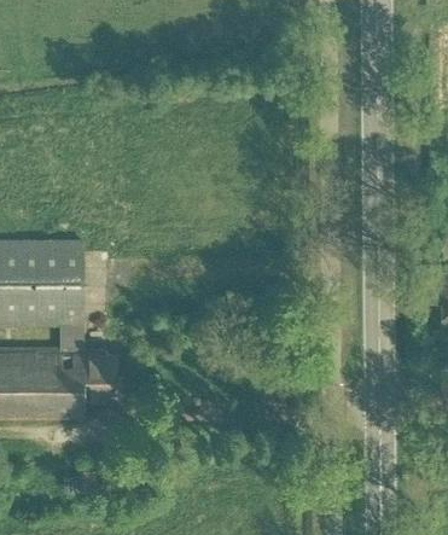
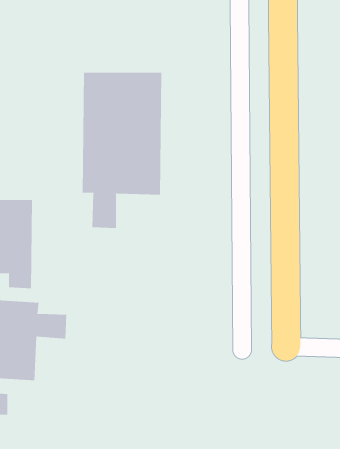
building: none -> [82,72,162,229]

